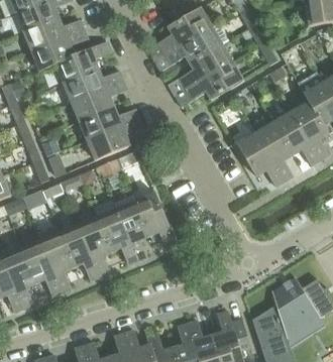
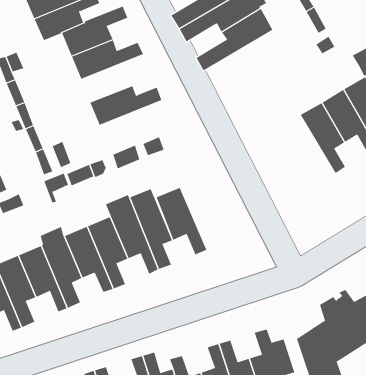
building: [175,62,244,107] -> none
building: [73,82,128,122] -> none
building: [88,120,144,159] -> none
building: [237,132,285,186] -> none

